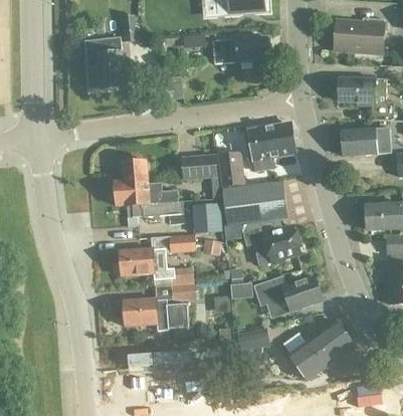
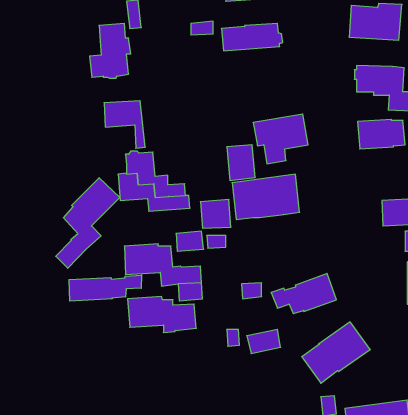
building: [181,154,220,199] -> [104,101,145,148]
building: none -> [56,178,120,268]
building: [242,218,300,266] -> none
building: none -> [69,275,142,301]

